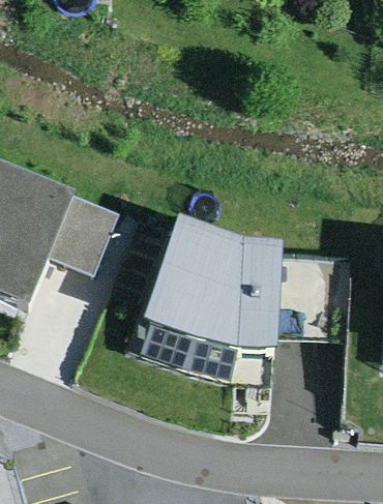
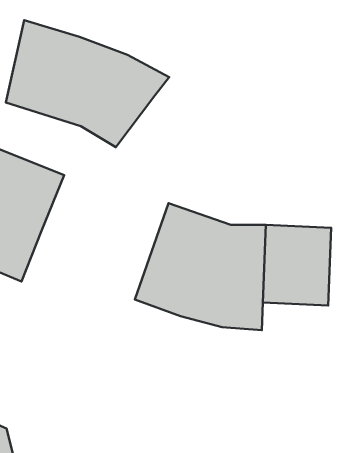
building: none -> [6,20,169,147]
building: [46,190,116,270] -> none

